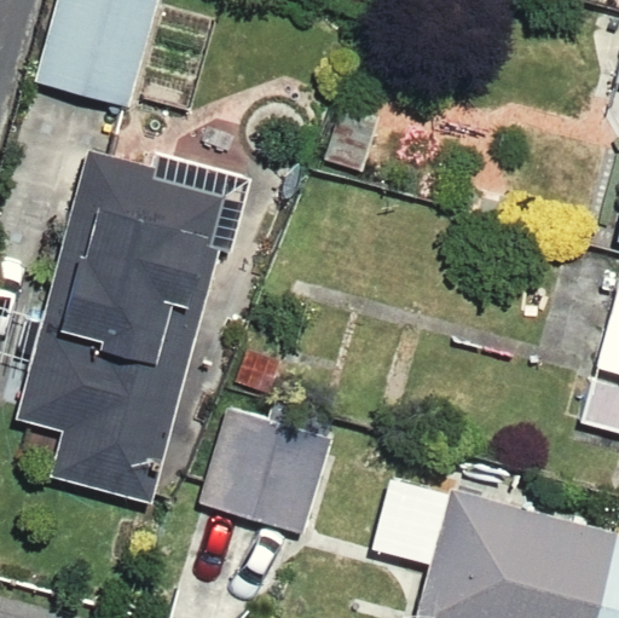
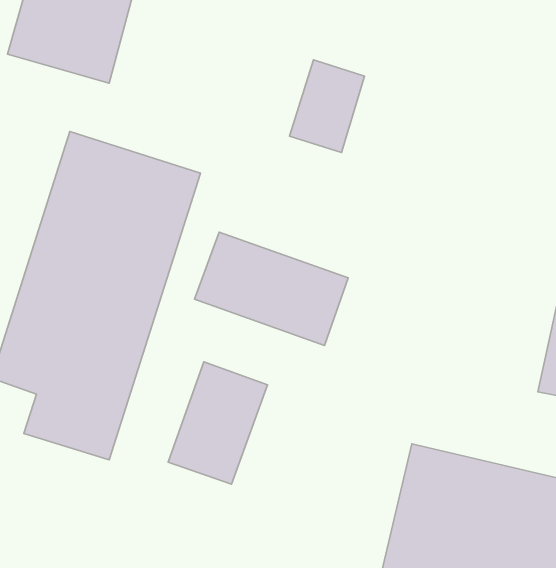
building: none -> [195,232,348,345]

